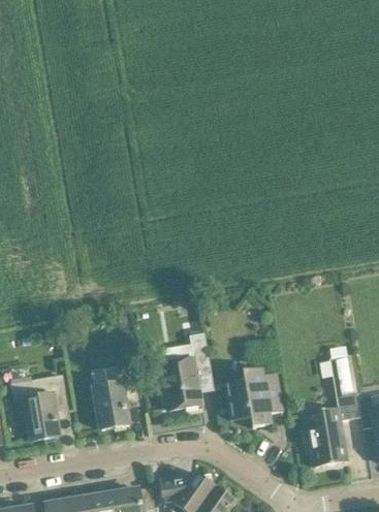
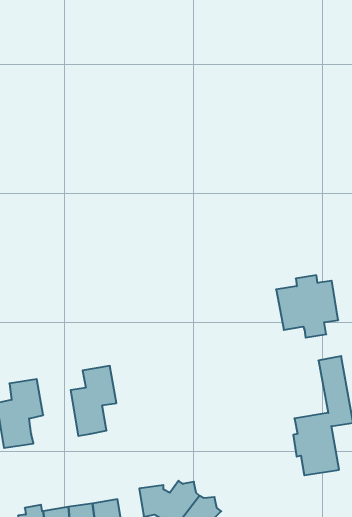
building: [159,332,209,410] -> none
building: [223,369,282,427] -> [276,275,338,338]

